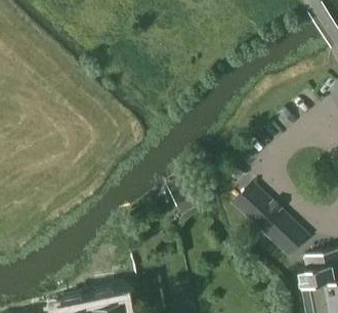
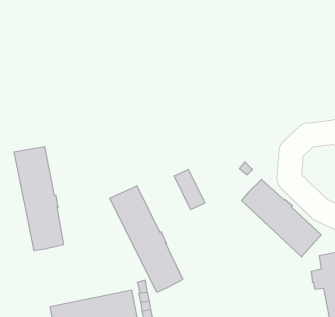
building: none -> [14,147,64,251]
building: none -> [110,186,183,292]

